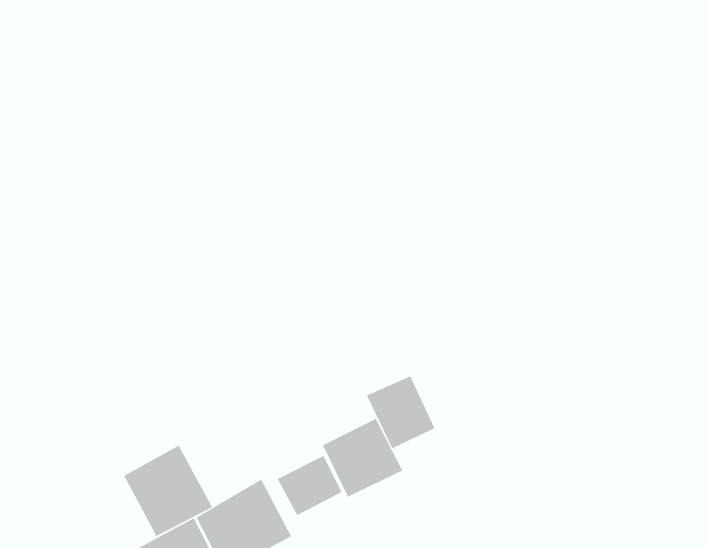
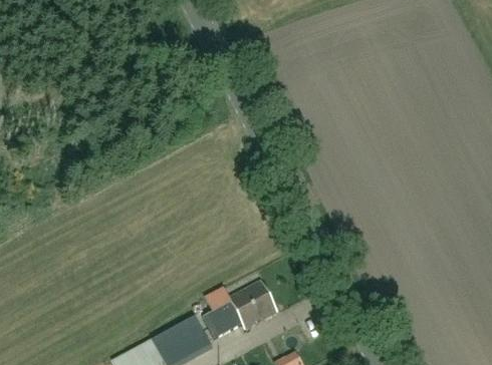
building: [366,375,435,449] -> none
building: [123,445,213,537] -> none

